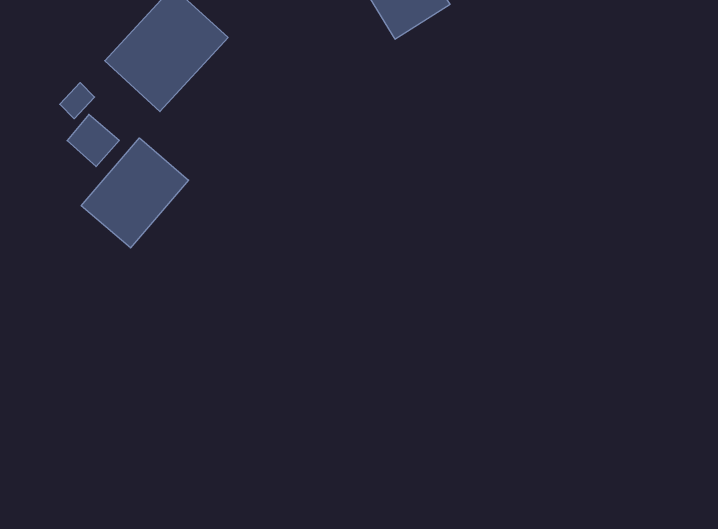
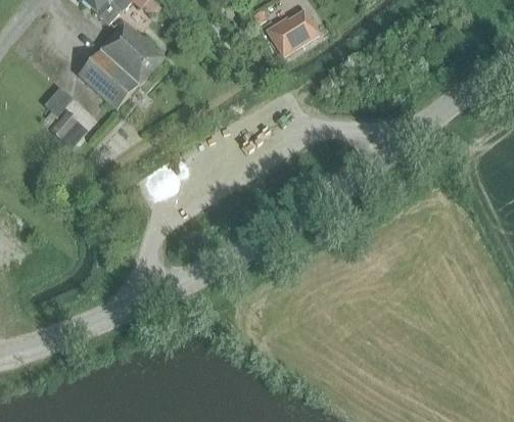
building: [81,138,189,248] -> none

